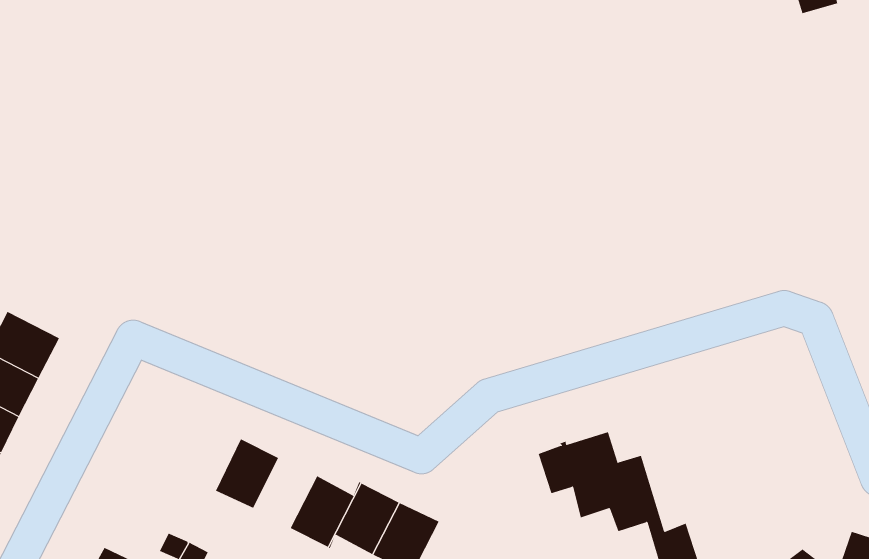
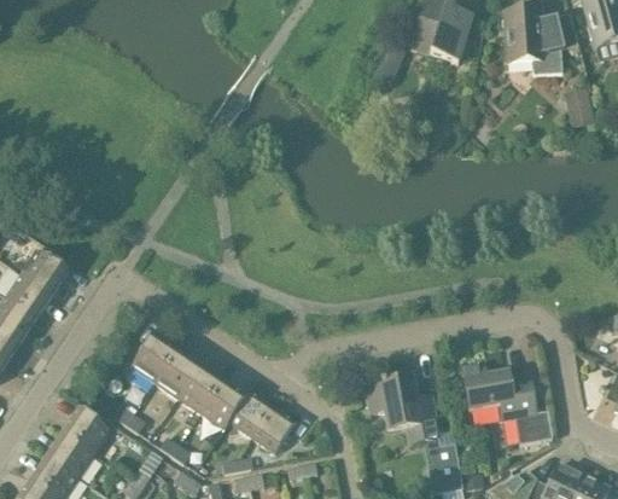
building: none -> [461,365,552,445]
building: none -> [130,335,175,383]
building: none -> [177,367,221,413]

